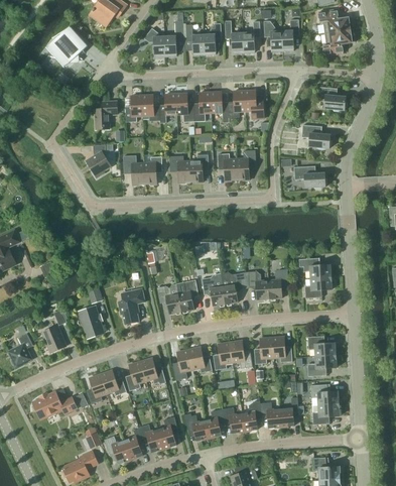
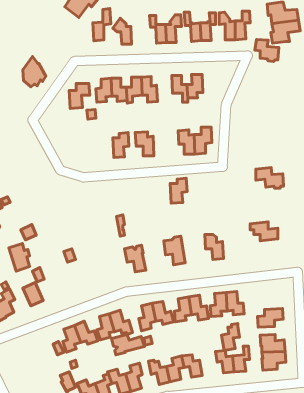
building: [164,20,184,56] -> [93,9,111,41]
building: [57,29,84,64] -> [23,57,46,87]
building: [318,87,346,112] -> [255,39,279,62]
building: [245,90,264,119] -> none
building: [193,92,212,121] -> none
building: [301,124,331,149] -> none
building: [86,144,112,177] -> none
building: [189,154,209,183] -> [170,178,187,203]
building: [123,155,145,185] -> none
building: [294,165,325,189] -> [256,168,284,188]
building: [268,269,288,298] -> none
building: [221,272,243,303] -> none
building: [304,276,332,298] -> none
building: [177,279,199,312] -> none
building: [118,288,145,324] -> none
building: [80,307,103,338] -> [9,243,30,271]
building: [307,336,336,356] -> none
building: none -> [112,334,144,355]
building: [32,391,77,417] -> none
building: [242,400,262,431] -> [222,324,239,350]

